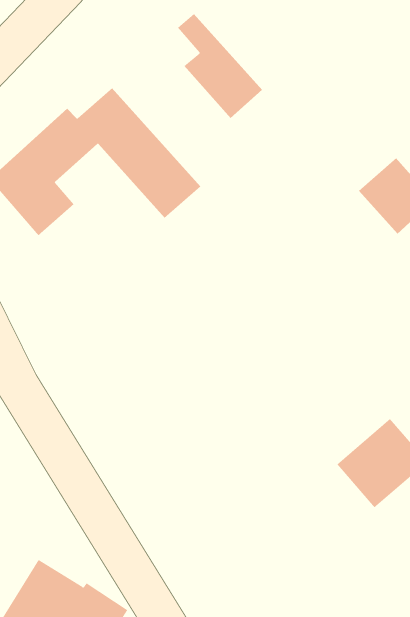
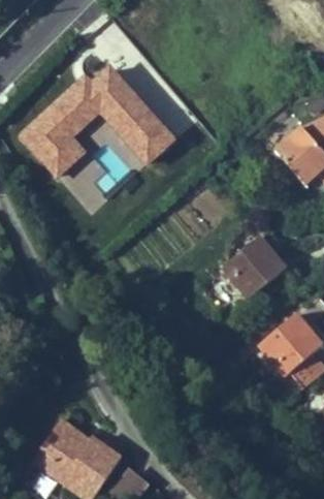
building: [177,13,263,119] -> none
building: none -> [223,236,287,300]

